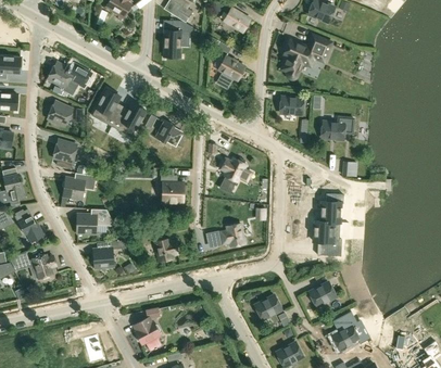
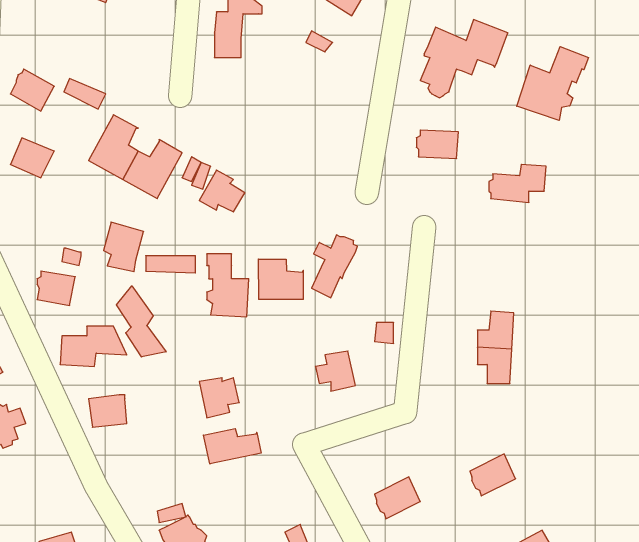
building: none -> [517,47,589,120]
building: [217,56,244,88] -> none
building: [53,140,76,168] -> [104,222,144,272]
building: none -> [258,259,303,299]
building: none -> [116,286,166,357]
building: none -> [203,429,261,464]

